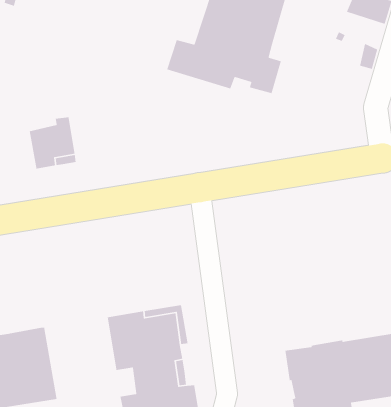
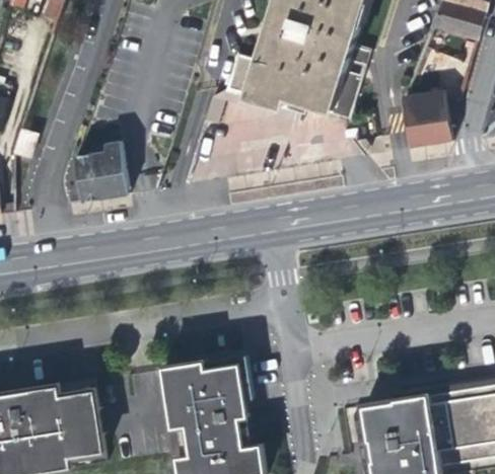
building: none -> [401,84,451,148]

